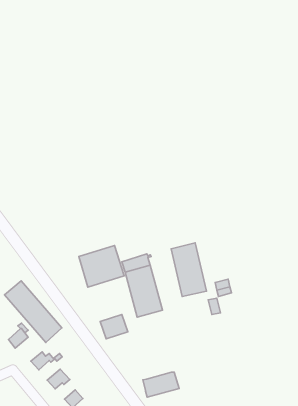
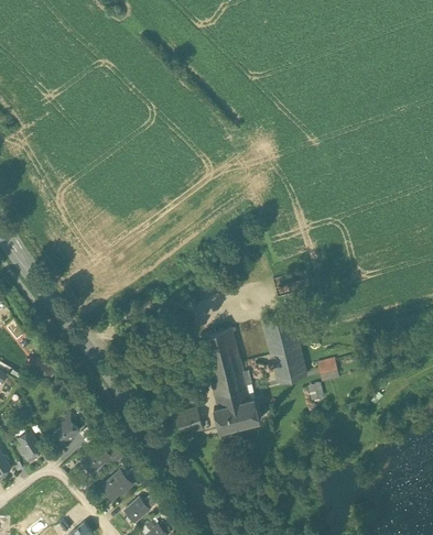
building: [79,246,124,287] -> none
building: [5,281,62,342] -> none
building: [143,372,179,397] -> [214,398,260,430]

